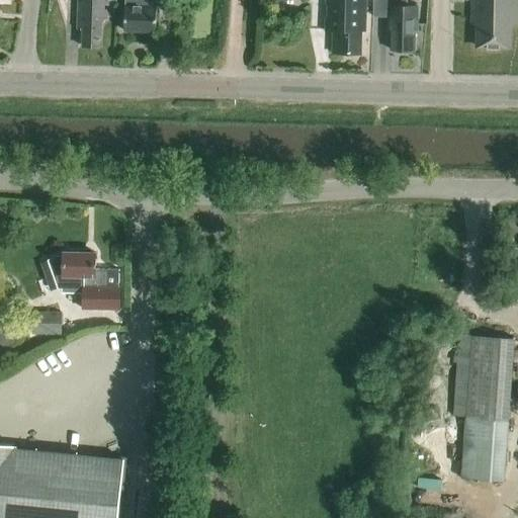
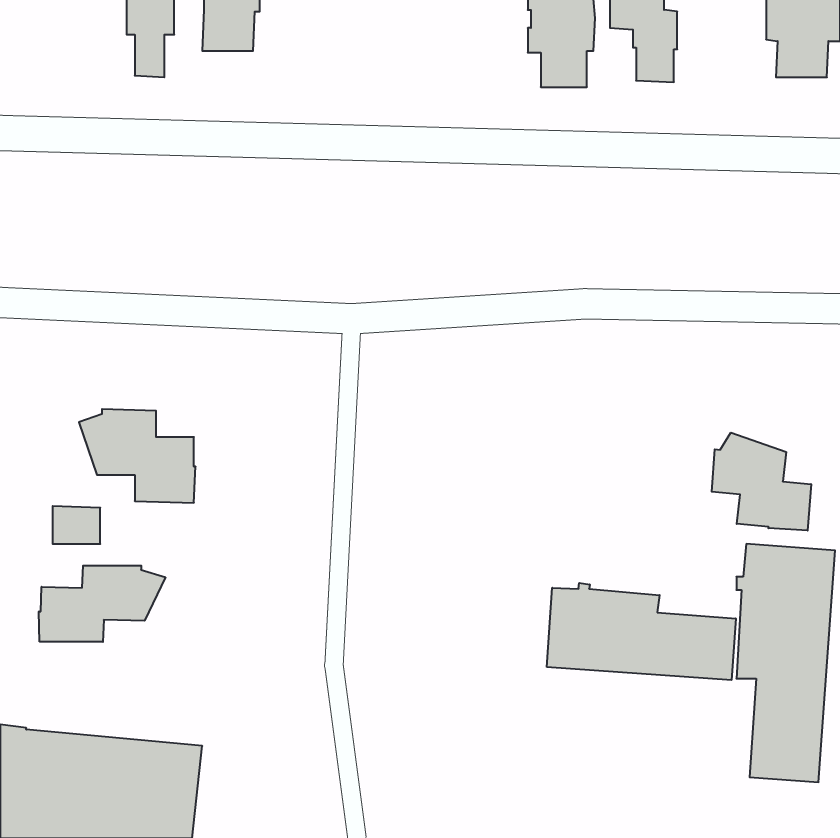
building: none -> [712,433,811,531]
building: none -> [39,566,165,642]
building: none -> [547,583,736,680]

